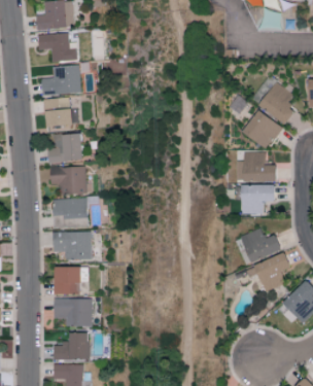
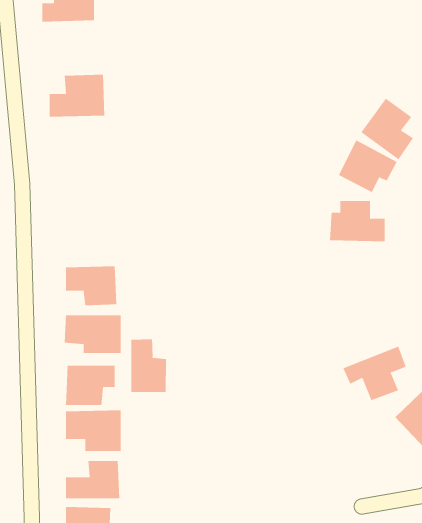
building: [37,33,76,62] -> none
building: [43,98,77,126] -> none
building: [47,134,82,162] -> none
building: [49,166,88,195] -> none
building: [240,184,273,214] -> none
building: [241,229,281,261] -> none
building: none -> [131,338,167,393]

